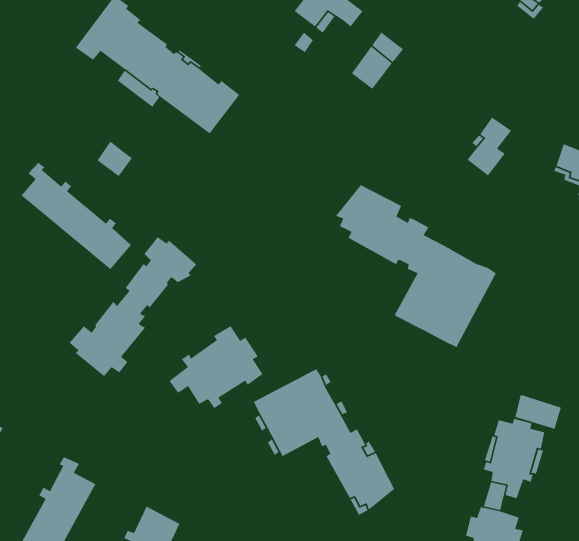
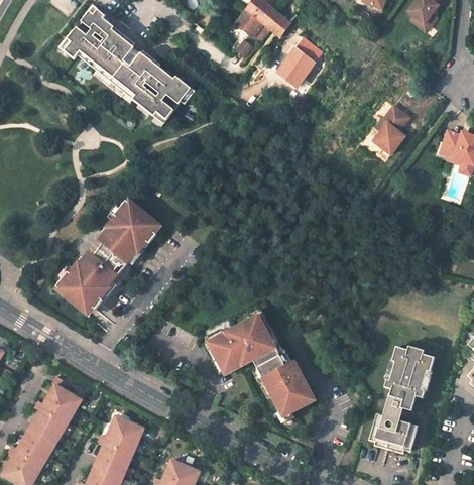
building: [96,140,133,177] -> none
building: [20,162,132,270] -> none
building: [335,184,497,348] -> none
building: [168,325,264,409] -> none
building: [515,394,562,430] -> none

